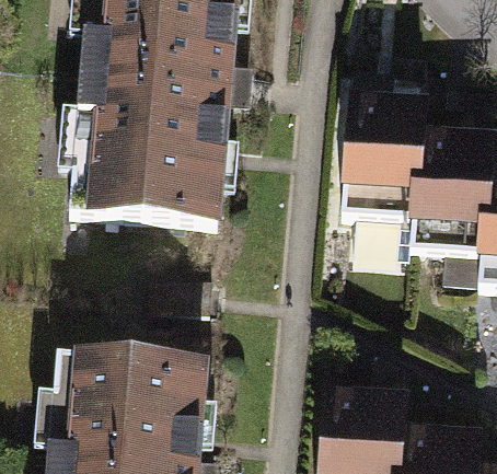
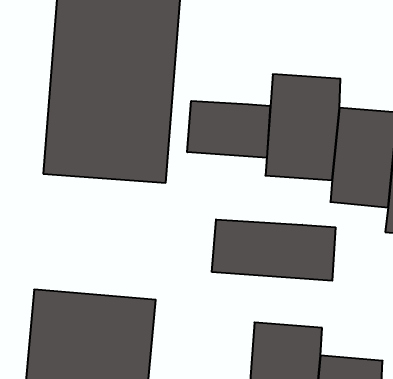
building: none -> [187,101,270,158]
building: none -> [212,219,335,281]

